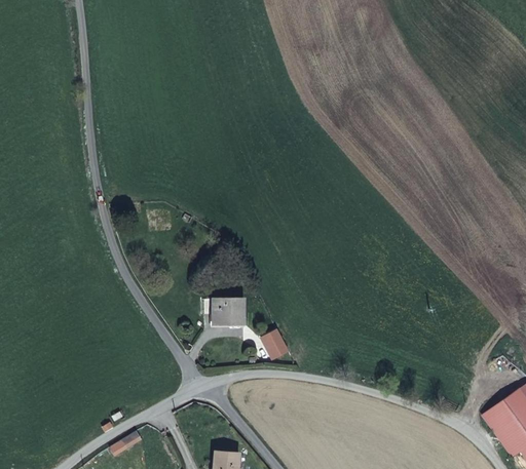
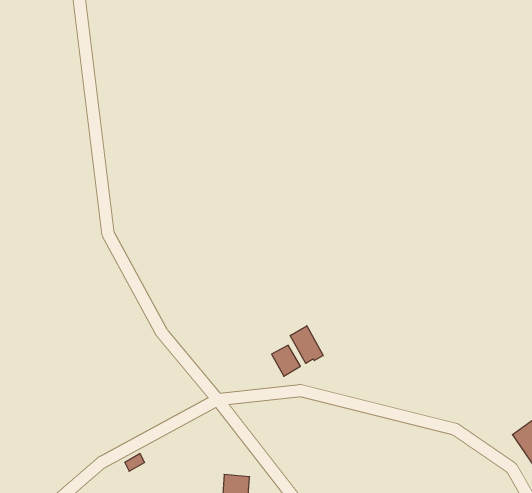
building: [208,300,241,323] -> none
building: none -> [290,326,323,363]

